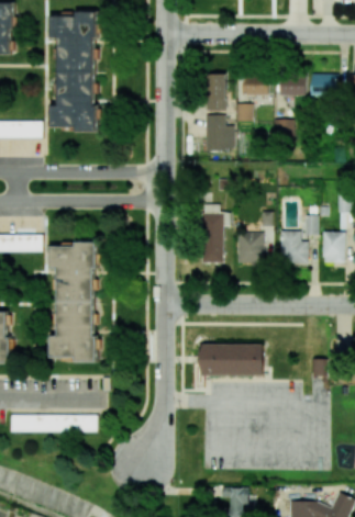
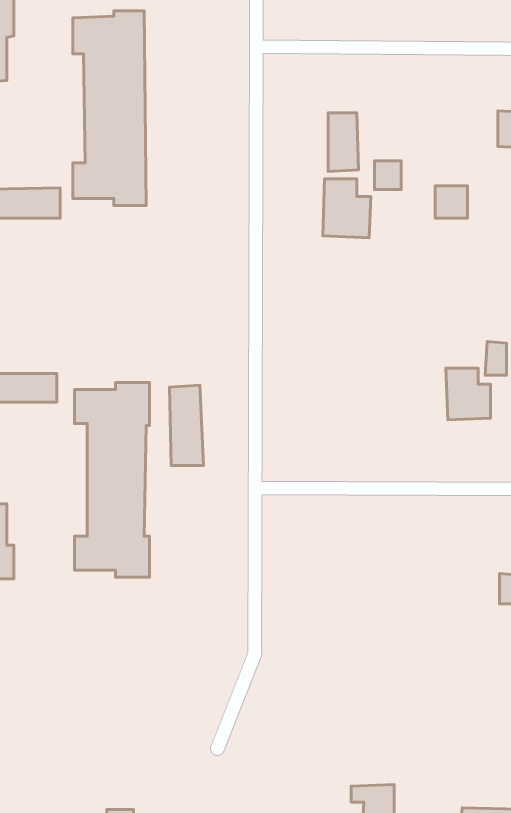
building: [280,76,306,95] -> none
building: [243,78,268,95] -> none
building: [202,214,223,263] -> [169,385,203,466]
building: [236,233,262,263] -> none
building: [202,344,263,375] -> none
building: [11,415,97,431] -> none

